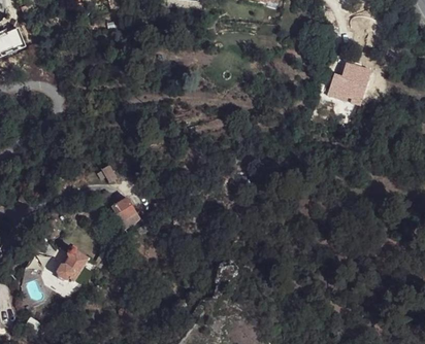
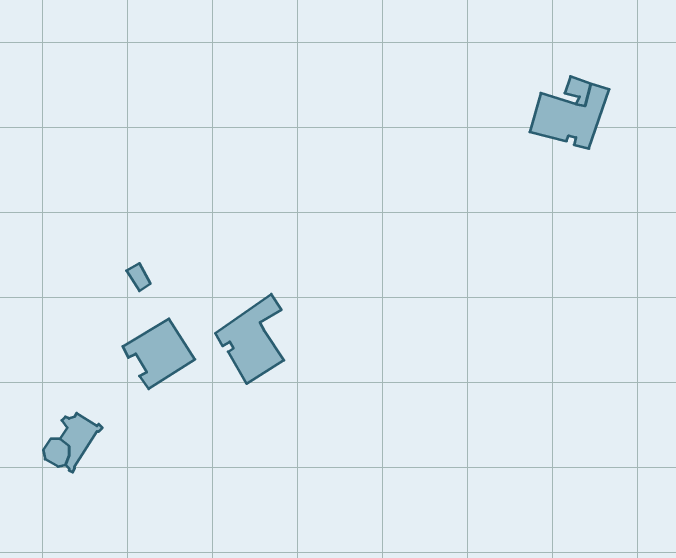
building: none -> [215,294,284,384]

